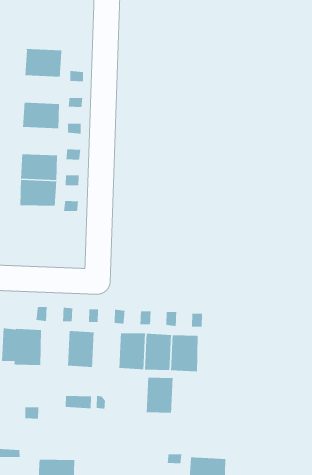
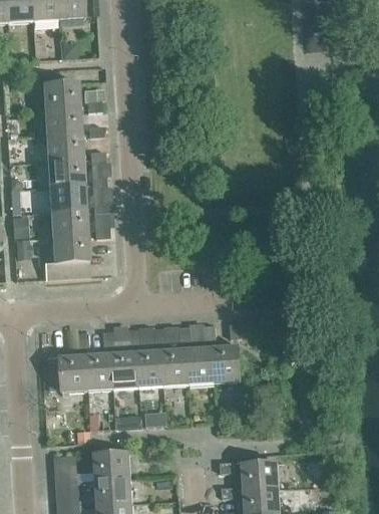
building: none -> [44,108,81,136]
building: none -> [47,159,84,186]
building: none -> [44,234,90,278]
building: none -> [86,352,114,390]
building: [146,377,173,414] -> [137,349,164,387]
building: none -> [94,451,131,480]

